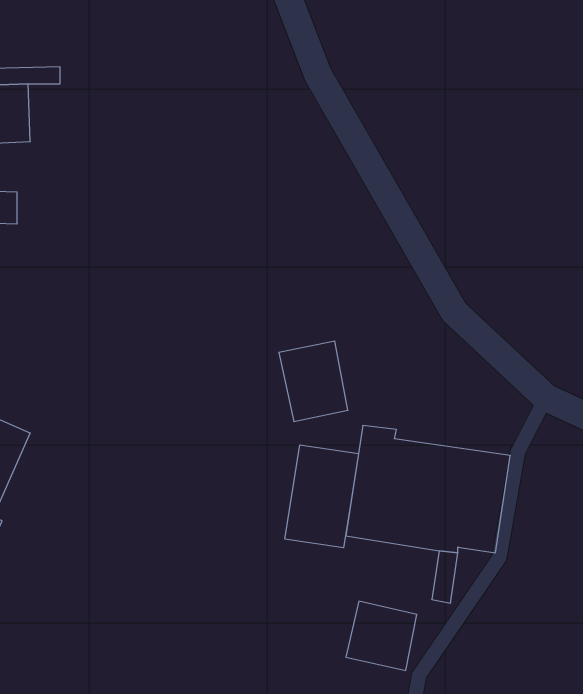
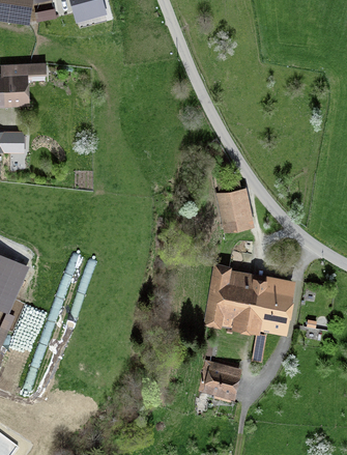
building: [279,341,348,421] -> [215,188,254,232]
building: [285,445,358,548] -> none

